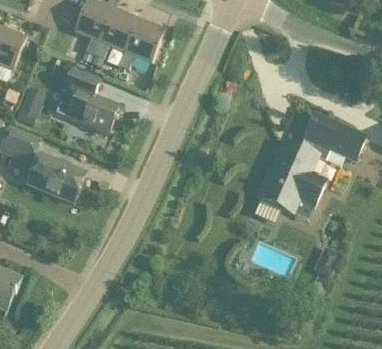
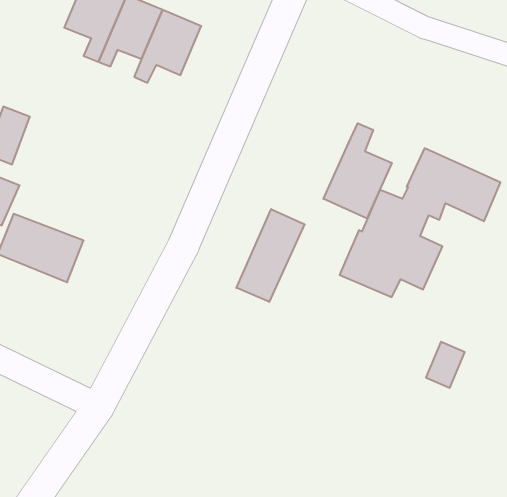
building: [56,67,118,132] -> none
building: none -> [323,123,392,219]
building: none -> [236,209,305,302]

